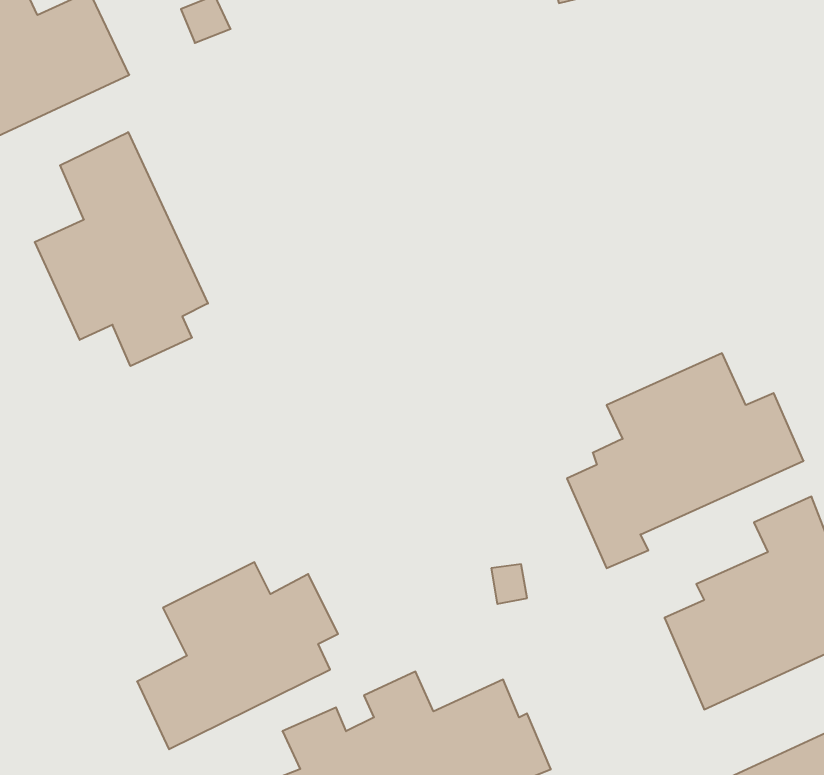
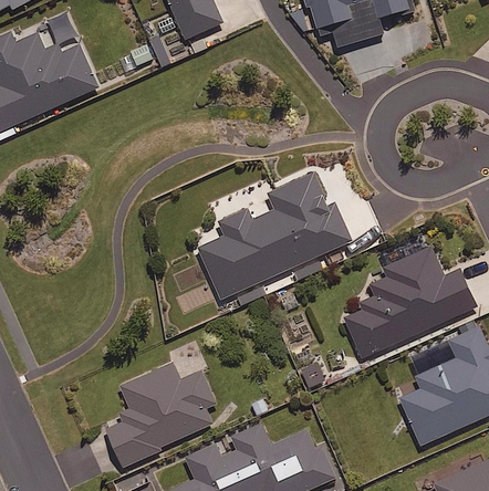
building: [35,132,208,366] -> none
building: none -> [197,170,350,297]

